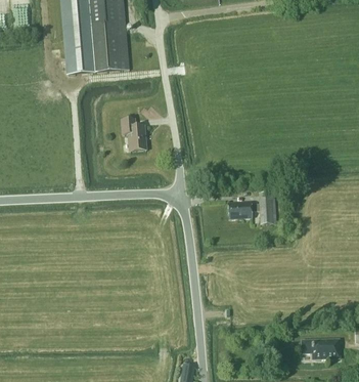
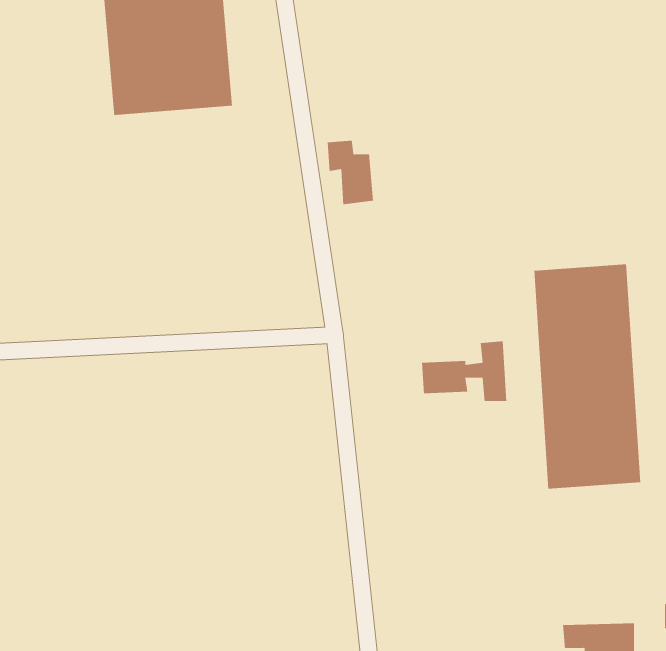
building: [121,117,145,151] -> [327,140,374,205]
building: none -> [534,264,641,489]

